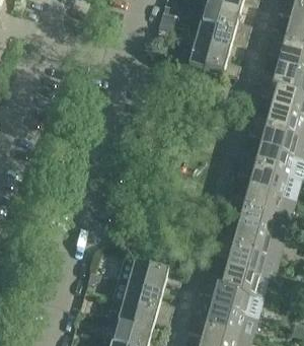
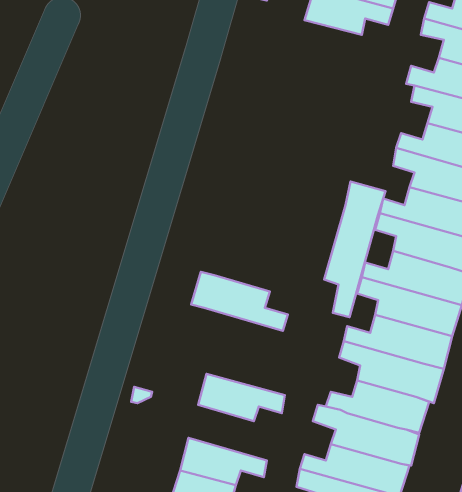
building: [189,36,240,69] -> none
building: none -> [324,181,386,317]
building: [115,272,174,308] -> [191,272,288,331]

